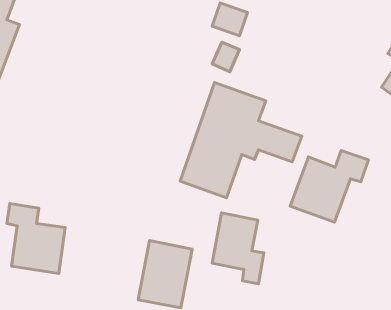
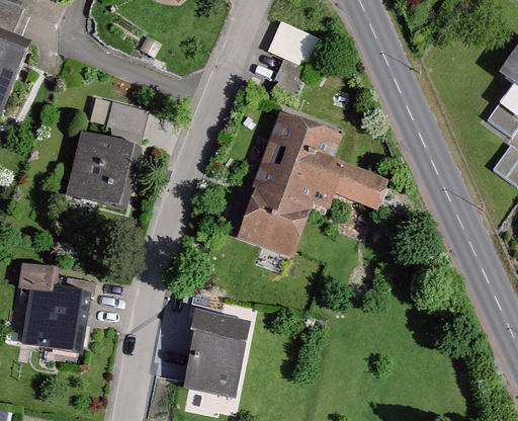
building: none -> [65,95,152,208]
building: [290,151,369,222] -> none
building: [212,213,264,284] -> none

